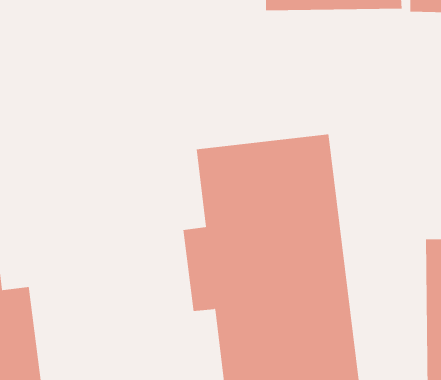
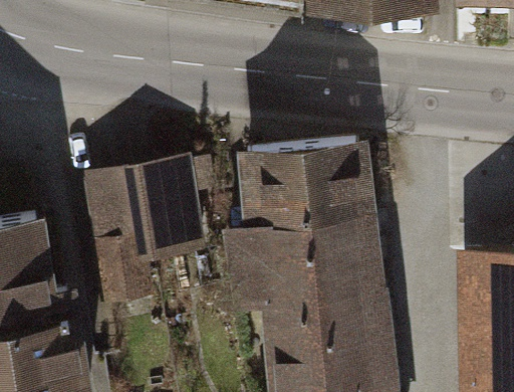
building: none -> [88,155,206,299]

